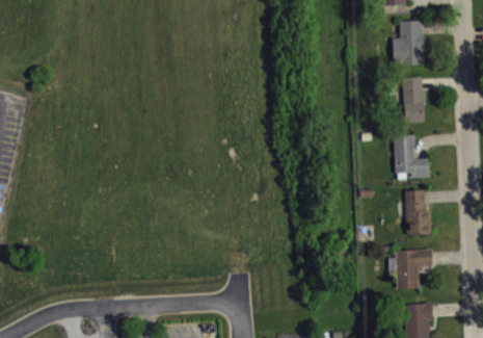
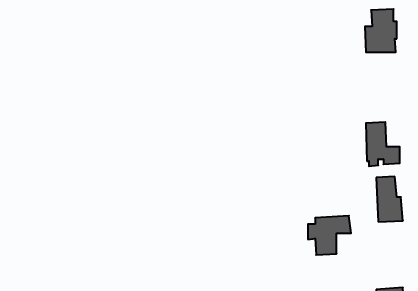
building: [403,76,426,122] -> none
building: [390,249,433,288] -> [308,216,351,255]

